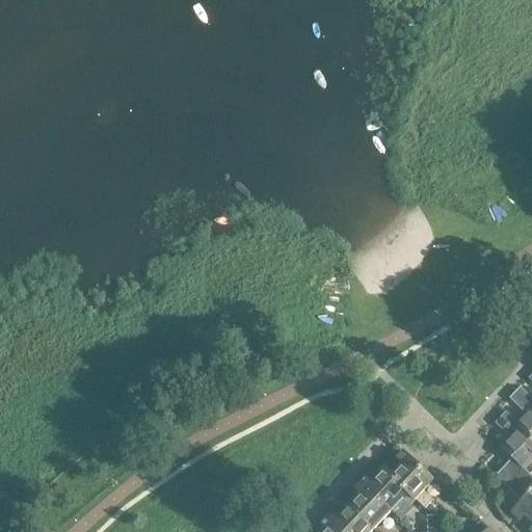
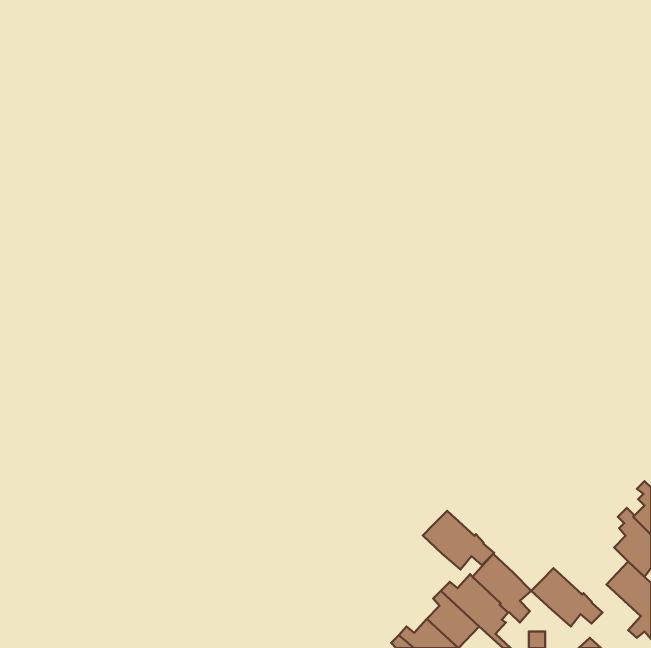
building: none -> [423,511,494,570]
building: none -> [531,568,603,627]

